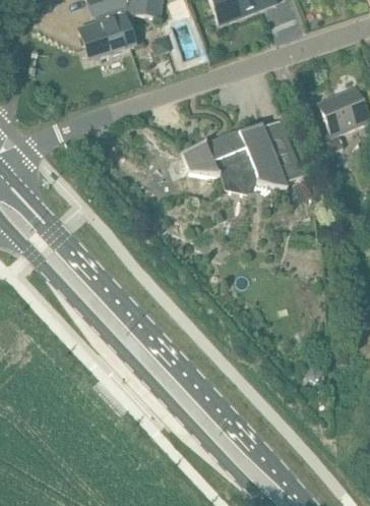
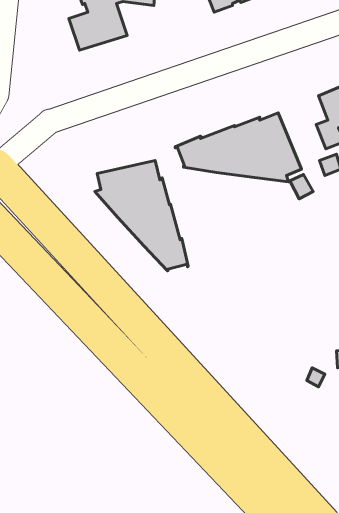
building: none -> [95,160,188,271]

